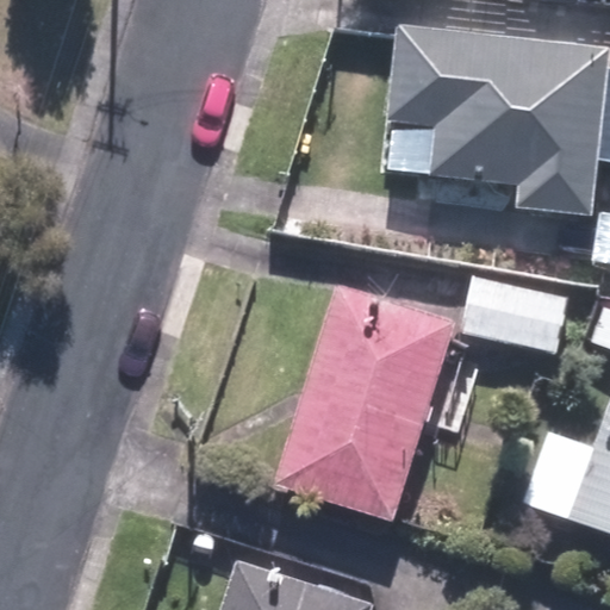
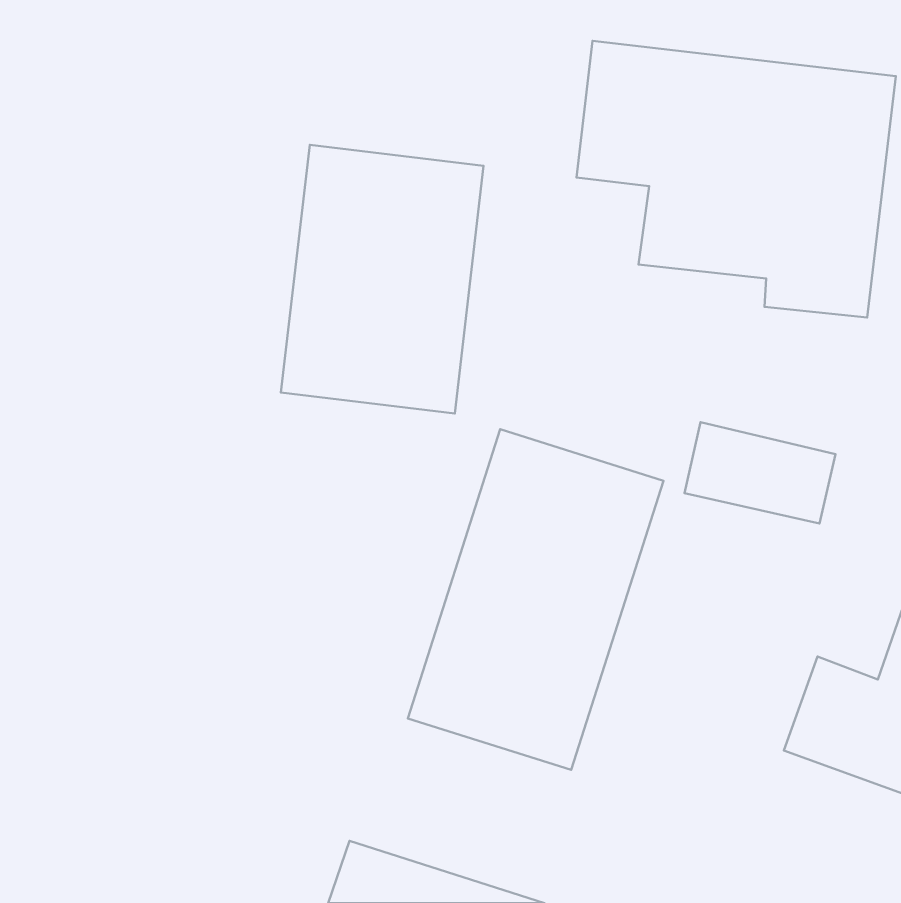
building: none -> [281,145,484,413]

